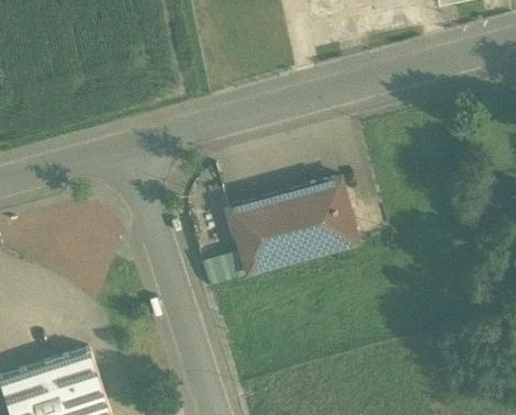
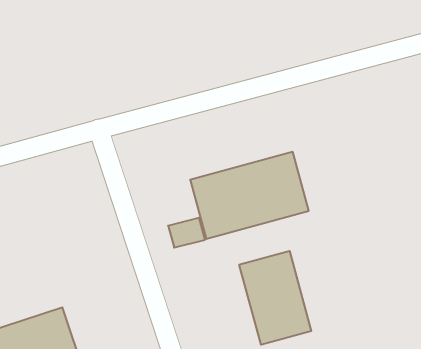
building: none -> [239,251,311,345]

